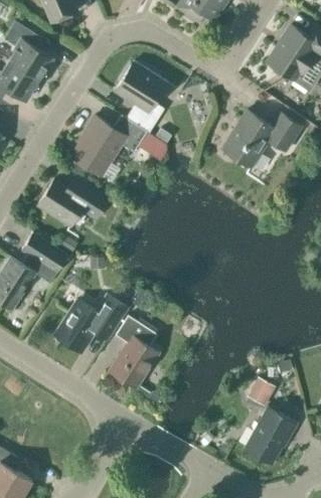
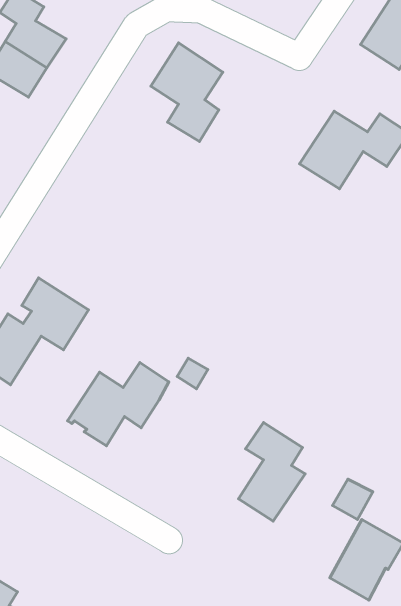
building: [71,116,155,183] -> none
building: [38,179,108,225] -> none
building: [110,316,158,387] -> [239,422,305,521]

